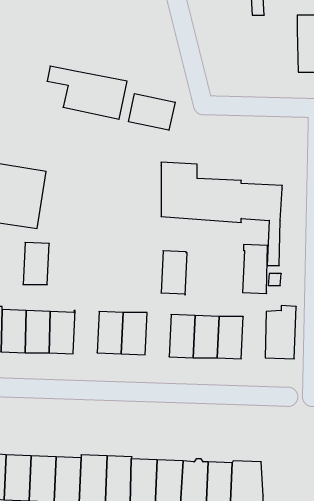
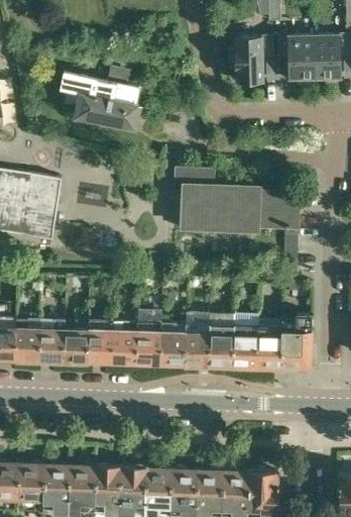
building: none -> [278,36,315,80]
building: none -> [229,37,272,82]
building: [129,94,175,130] -> none
building: [23,242,49,285] -> [88,319,114,361]
building: [243,245,268,294] -> [257,319,282,369]
building: [161,251,187,295] -> [160,321,187,366]

